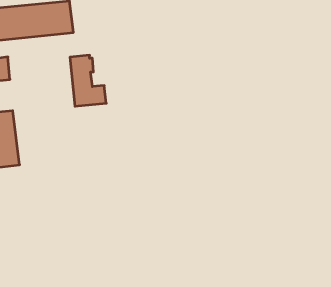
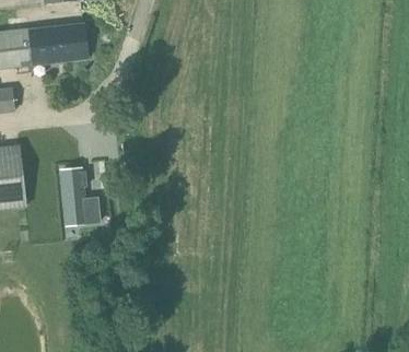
building: [70,55,106,106] -> [59,166,100,223]

